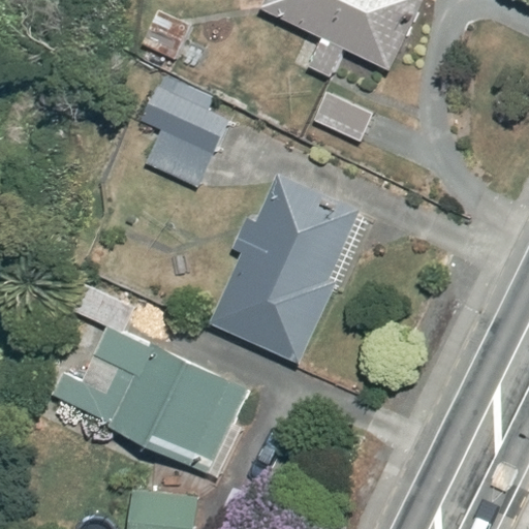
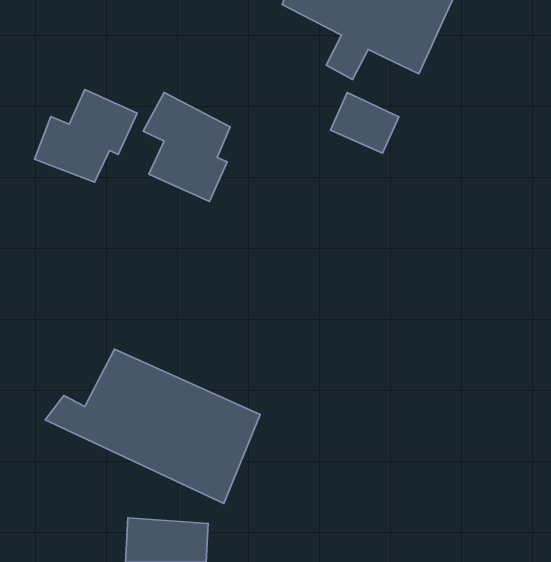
building: none -> [34,90,137,182]
building: [211,173,371,363] -> none

